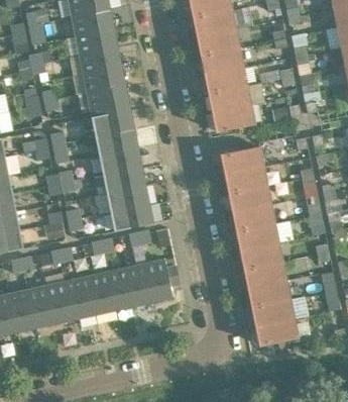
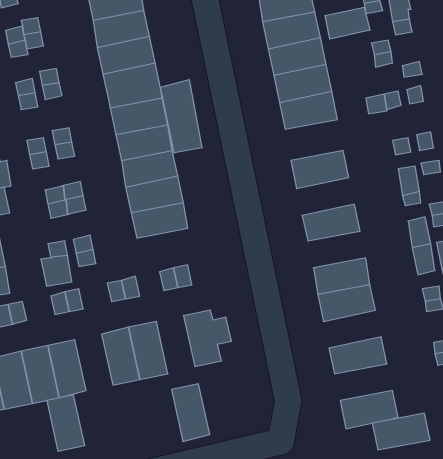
building: none -> [325,7,370,39]
building: none -> [160,80,202,153]
building: [225,166,266,193] -> none
building: [111,202,151,228] -> none
building: [233,204,274,230] -> none
building: [244,261,285,288] -> none
building: [125,265,152,306] -> [172,384,210,442]
building: [67,278,94,318] -> [47,395,85,451]
building: [252,299,294,325] -> [372,413,430,450]

